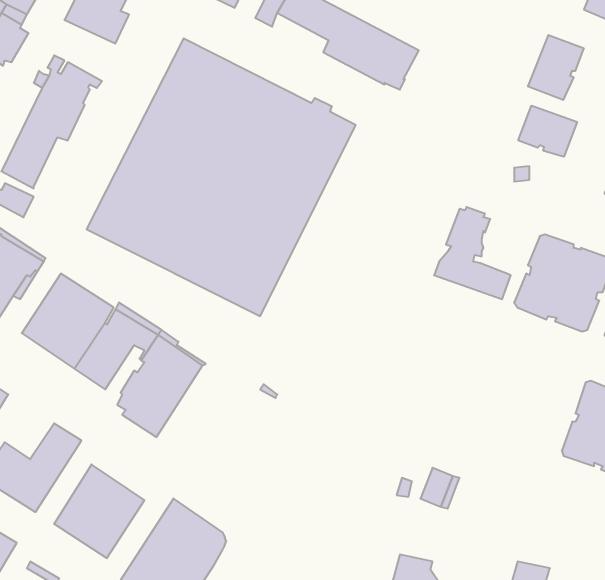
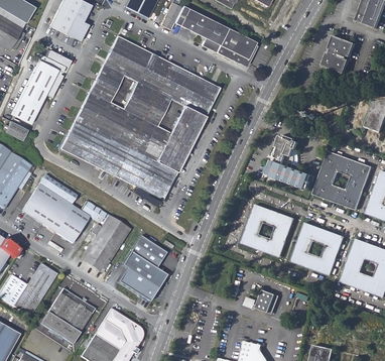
building: [518,106,577,157] -> none
building: none -> [242,205,295,256]
building: none -> [292,223,345,274]
building: none -> [113,236,165,303]

